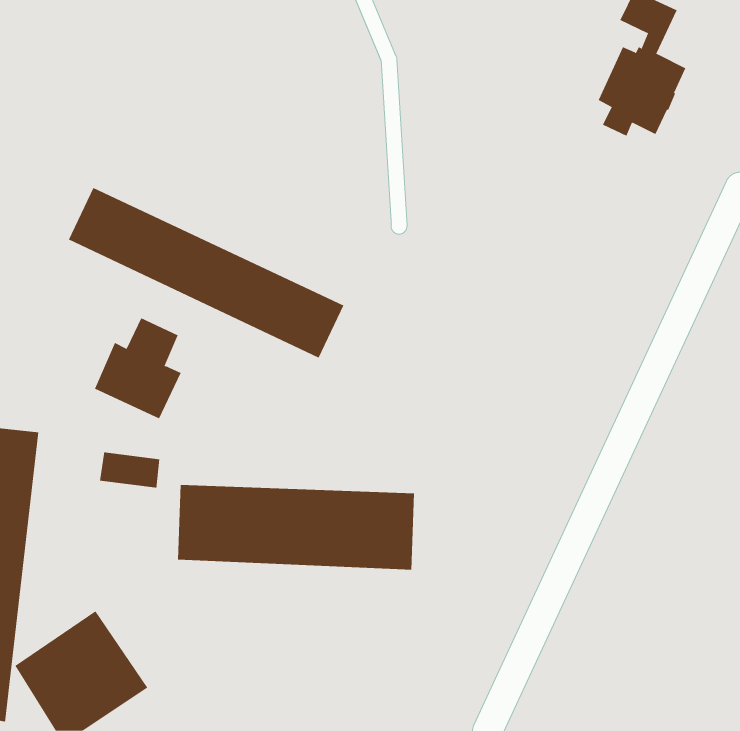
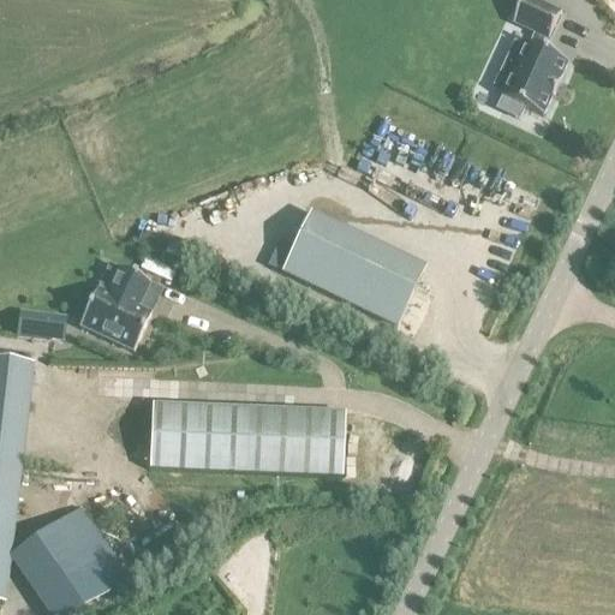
building: [68,187,344,359] -> none
building: none -> [280,215,422,324]
building: [99,452,160,488] -> [16,306,66,336]

